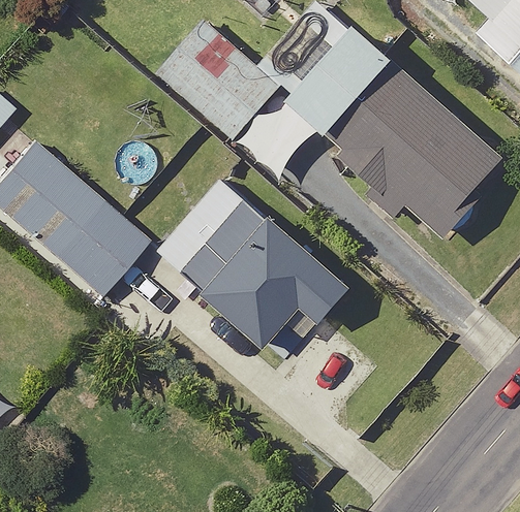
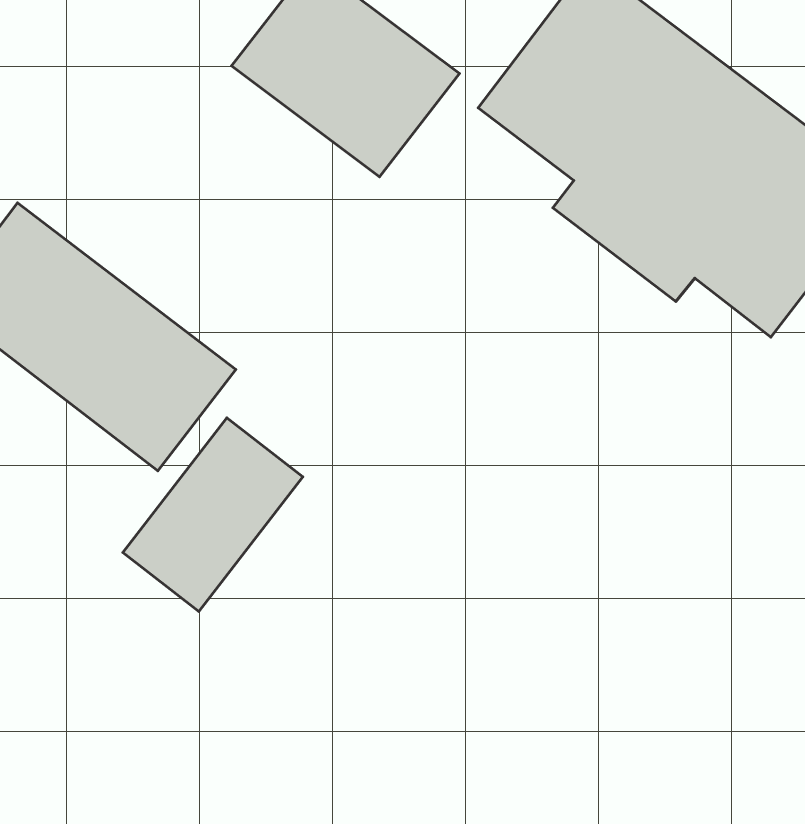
building: [158,180,261,286] -> [123,418,303,611]
building: [202,214,356,349] -> none

